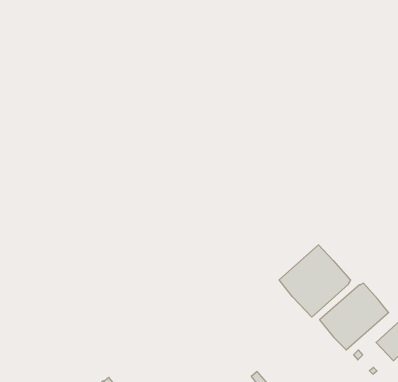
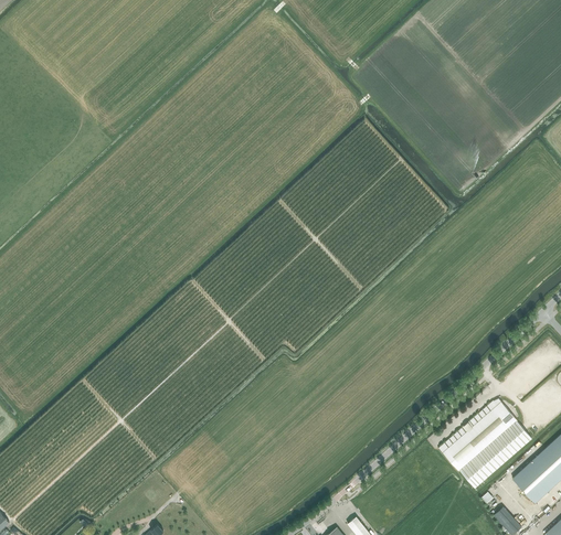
building: [279,245,350,317] -> none

